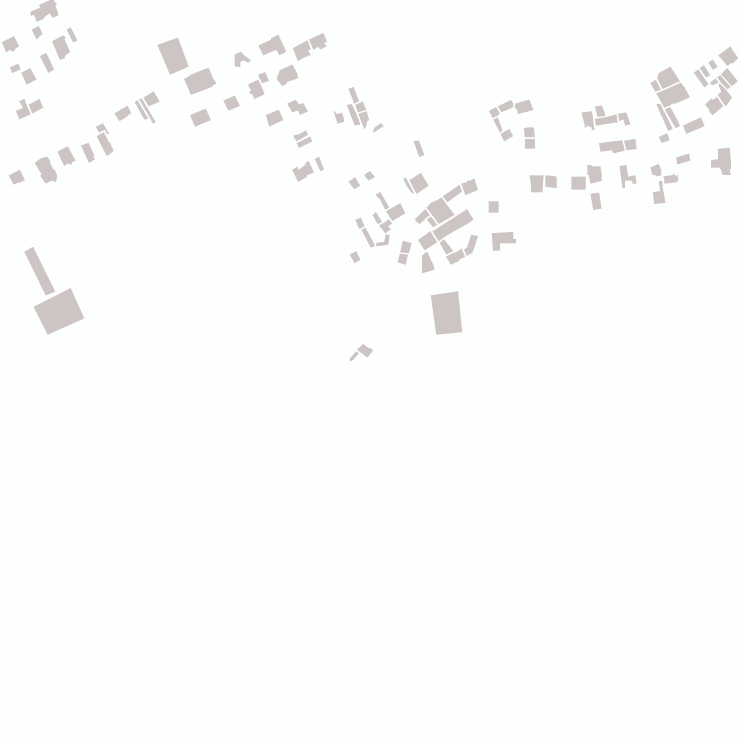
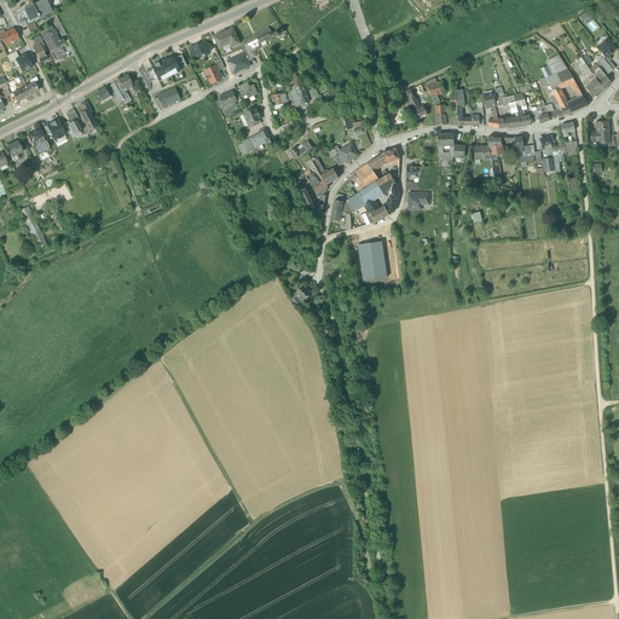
building: [156,36,190,76] -> none
building: [33,287,85,336] -> none

